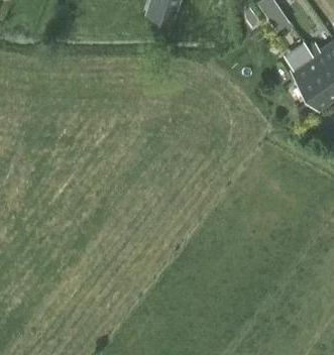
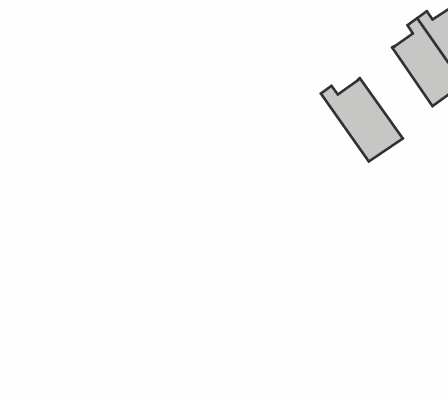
building: none -> [321,78,403,162]

